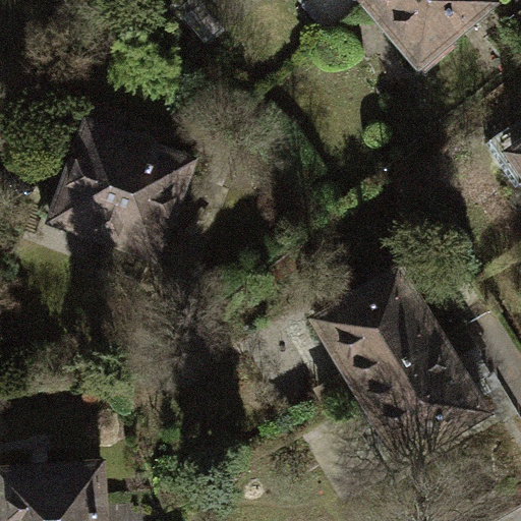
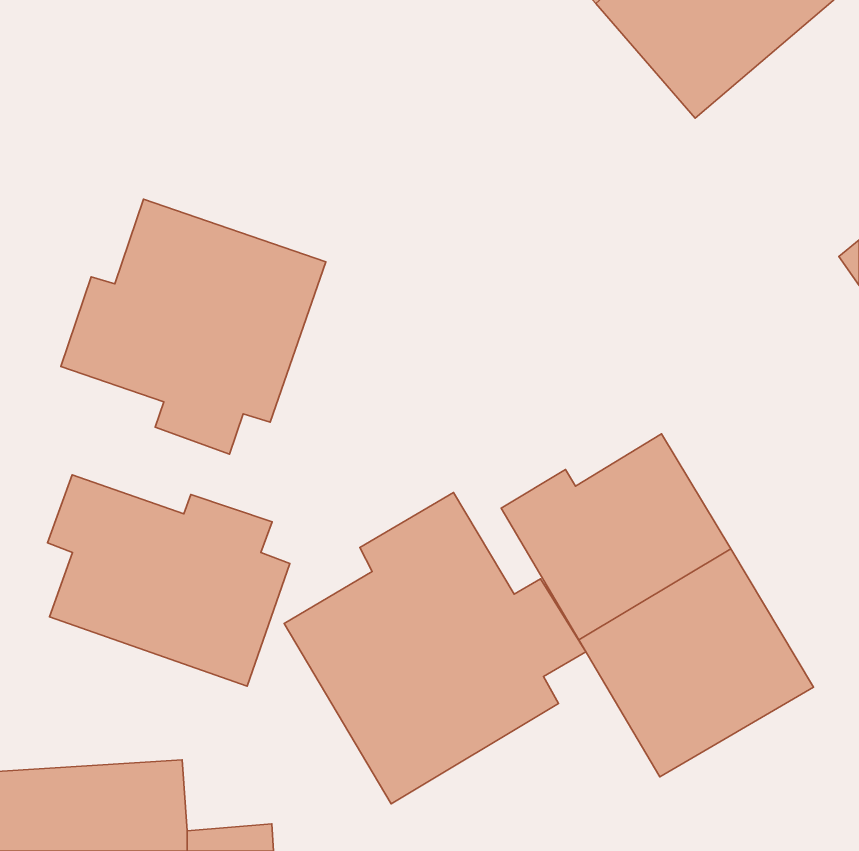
building: none -> [48,475,290,686]
building: none -> [284,492,586,804]

